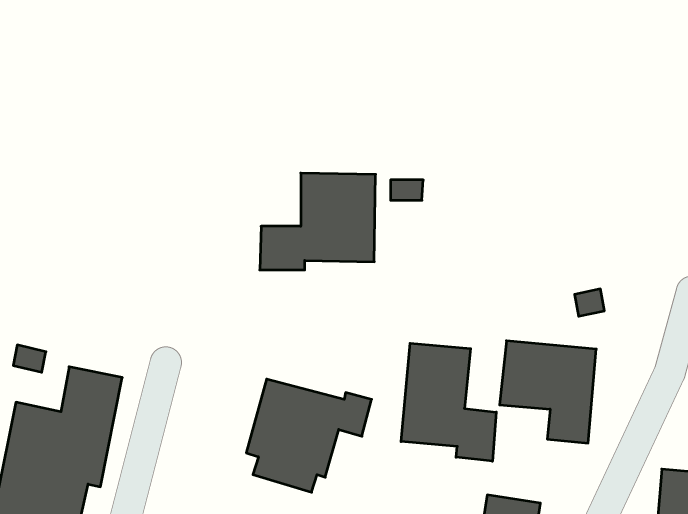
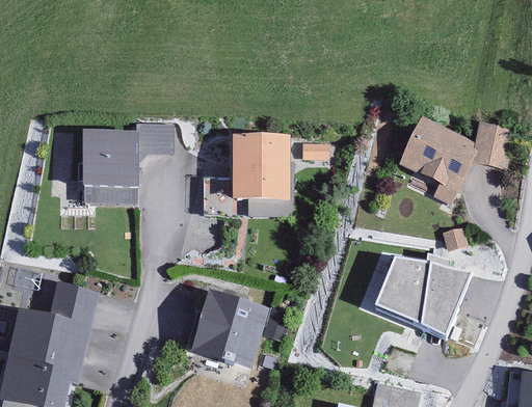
building: none -> [399,115,510,199]
building: none -> [83,123,171,188]
building: [401,343,496,461] -> none

